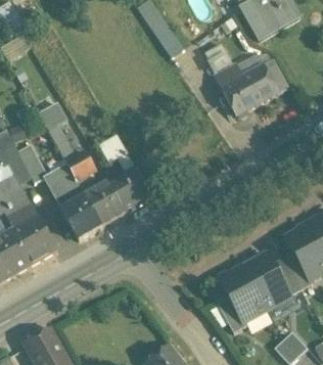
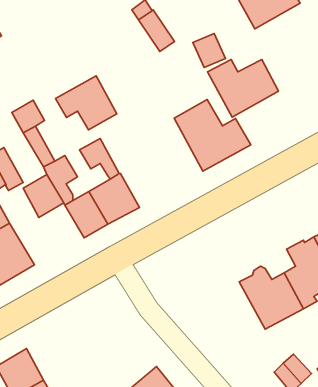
building: none -> [56,76,117,130]
building: none -> [174,99,251,171]
building: [60,194,102,239] -> none
building: [216,266,266,333] -> none

